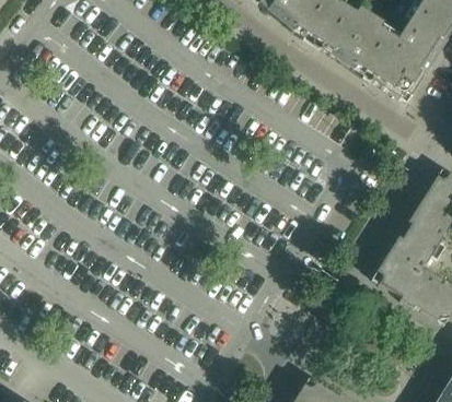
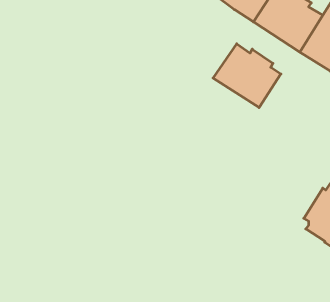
building: none -> [213,44,281,108]

